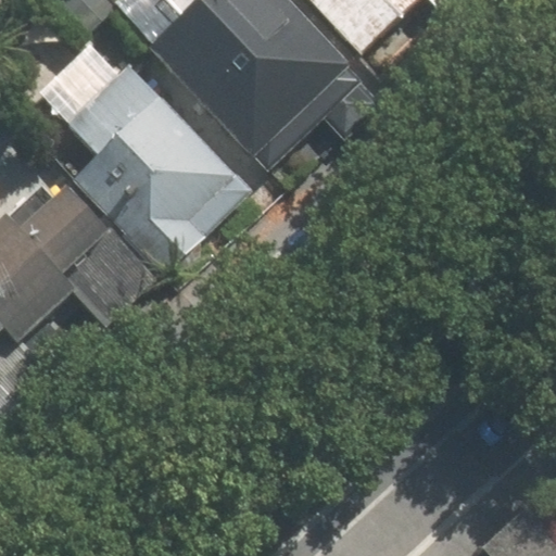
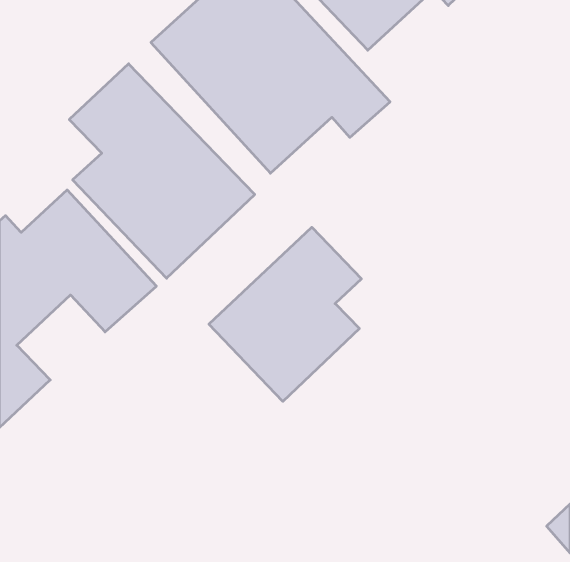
building: none -> [209,227,361,401]

